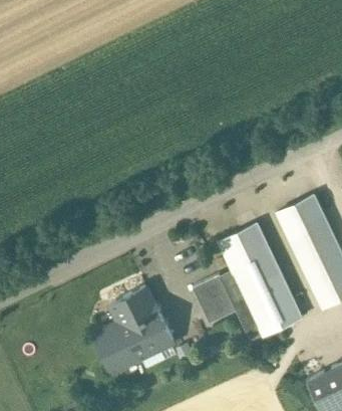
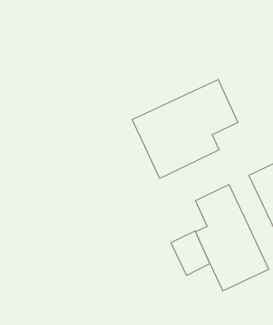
building: none -> [132,79,238,178]
building: [93,287,174,372] -> none

